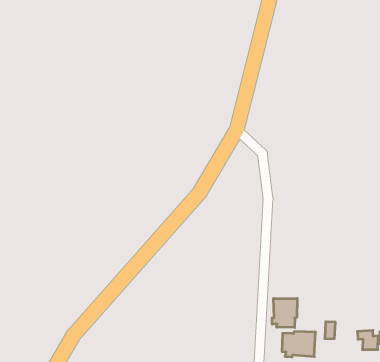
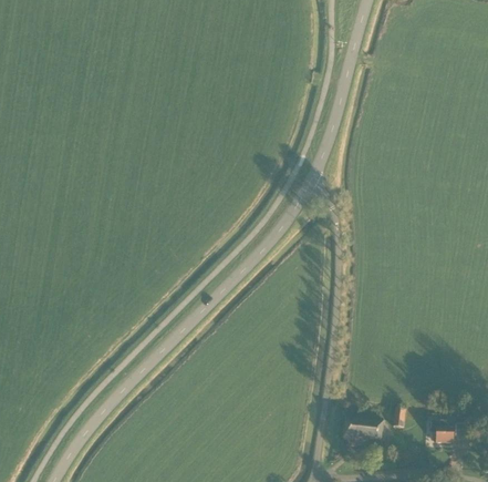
building: [272,298,297,328] -> none

